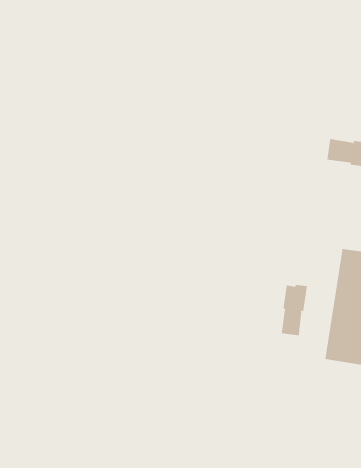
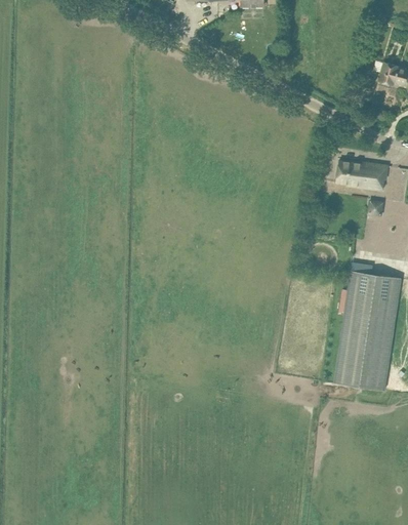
building: [281,284,308,336] -> none

